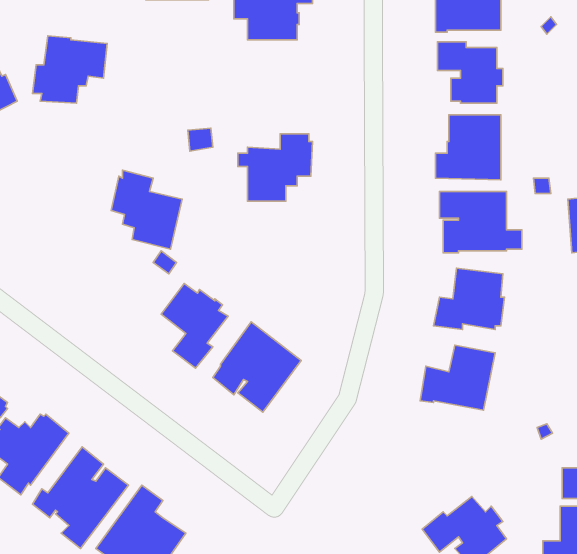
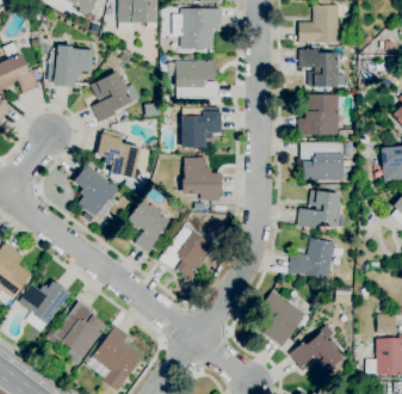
building: none -> [168,60,218,98]
building: none -> [91,70,141,122]
building: none -> [181,158,222,199]
building: none -> [73,164,118,218]
building: none -> [254,289,305,346]

